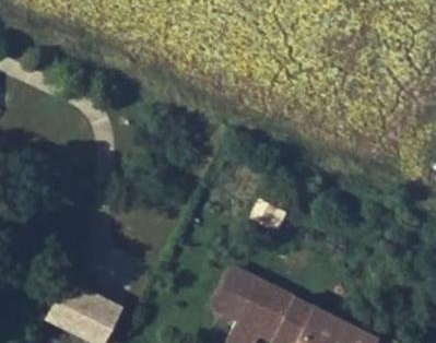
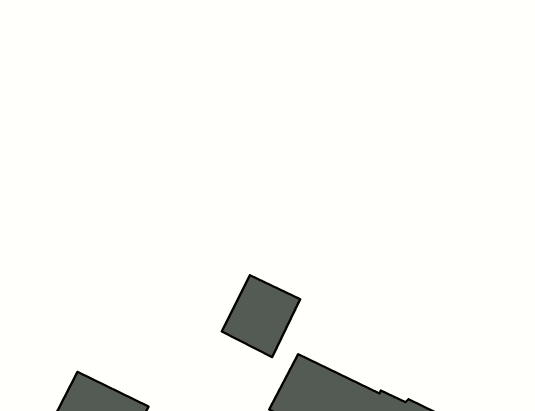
building: none -> [222,275,300,357]

